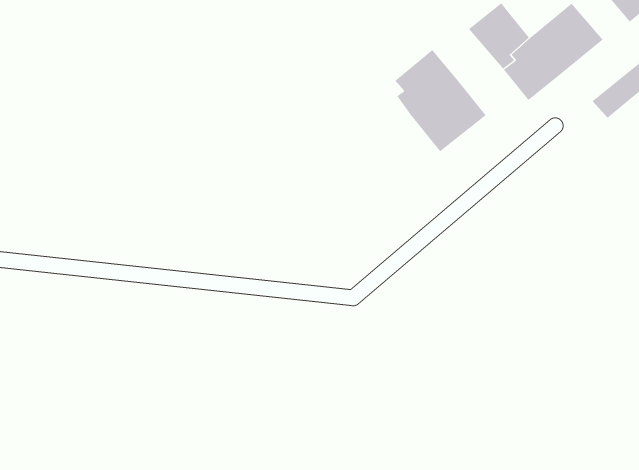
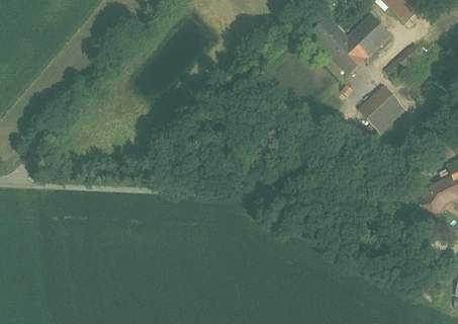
building: [394,49,487,152] -> none
building: none -> [359,87,402,131]

